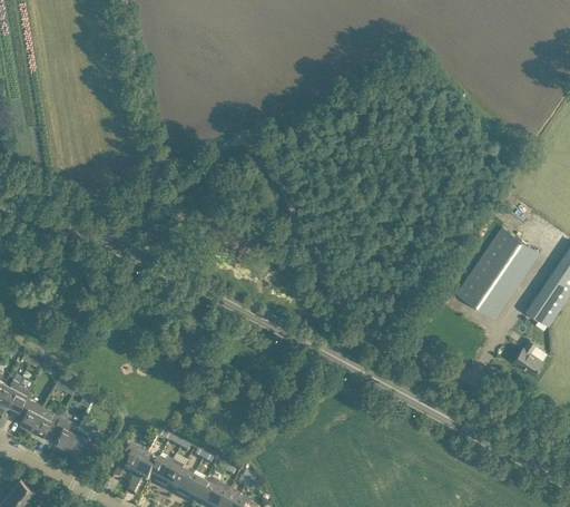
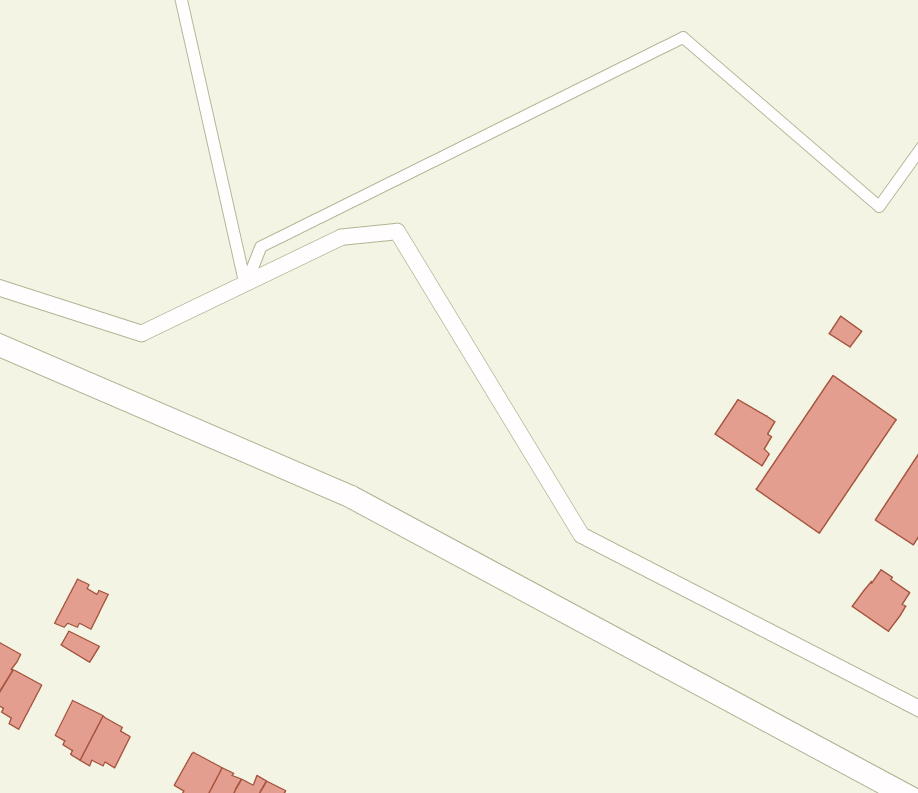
building: none -> [715,400,775,466]
building: [29,406,60,435] -> [55,579,108,629]

